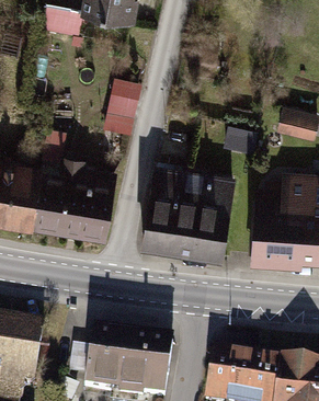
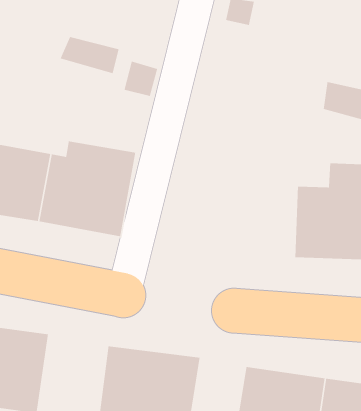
building: none -> [60,36,120,74]
building: [141,165,232,260] -> none

